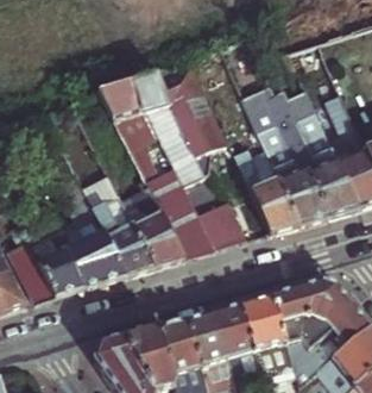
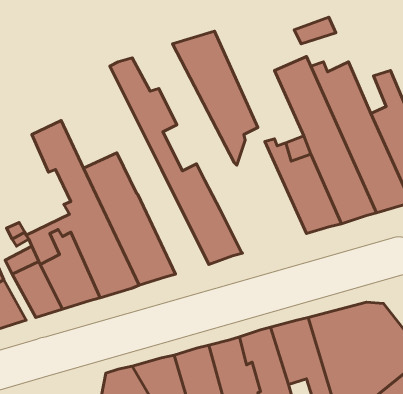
building: [119,64,208,181] -> none
building: [122,171,184,261] -> none
building: [194,193,241,242] -> none

